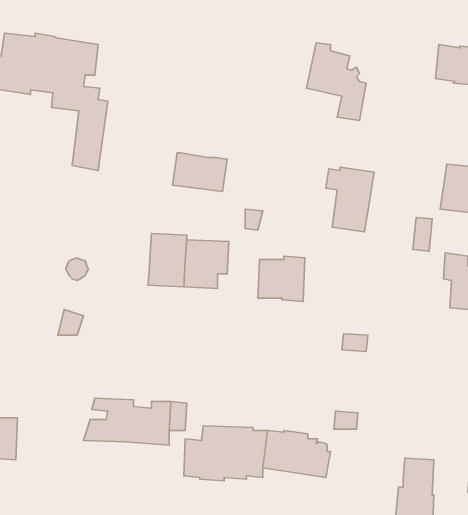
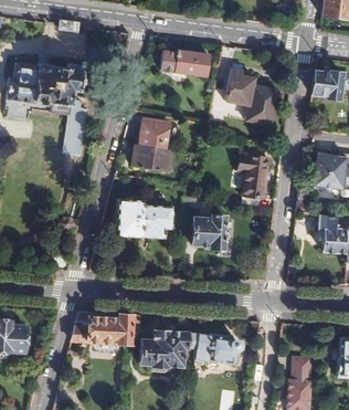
building: none -> [174,51,209,75]
building: none -> [138,118,167,148]

